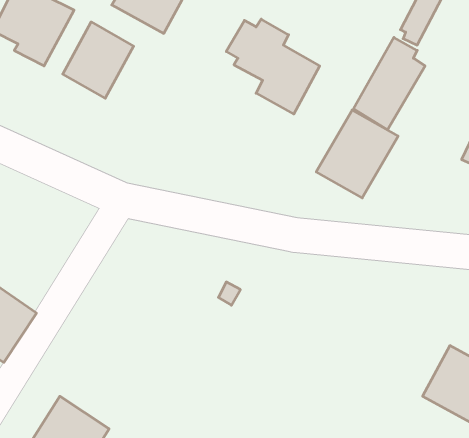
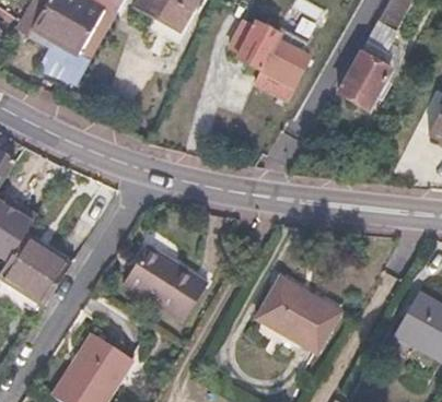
building: [63,22,134,98] -> none
building: [316,110,398,198] -> none
building: none -> [127,248,210,321]
building: none -> [257,283,344,358]

